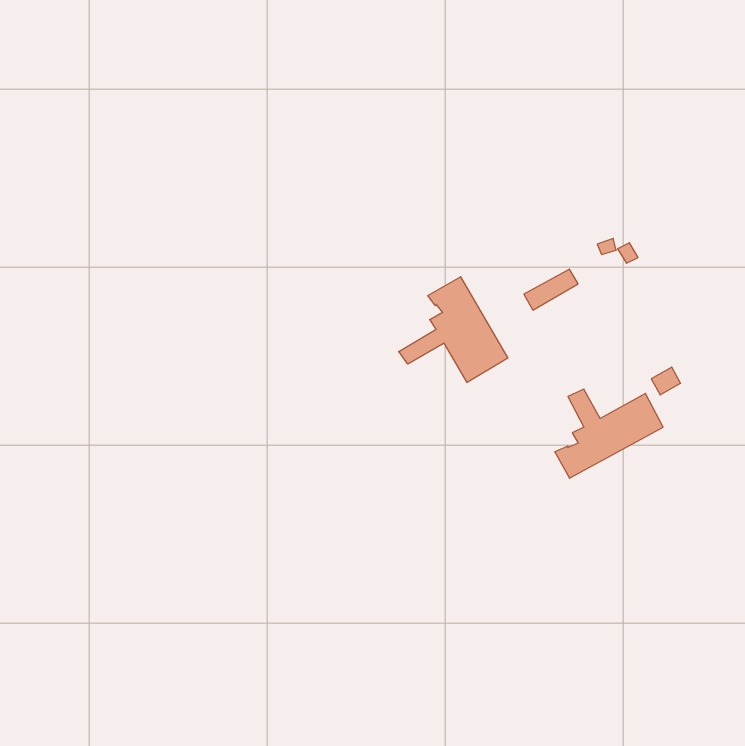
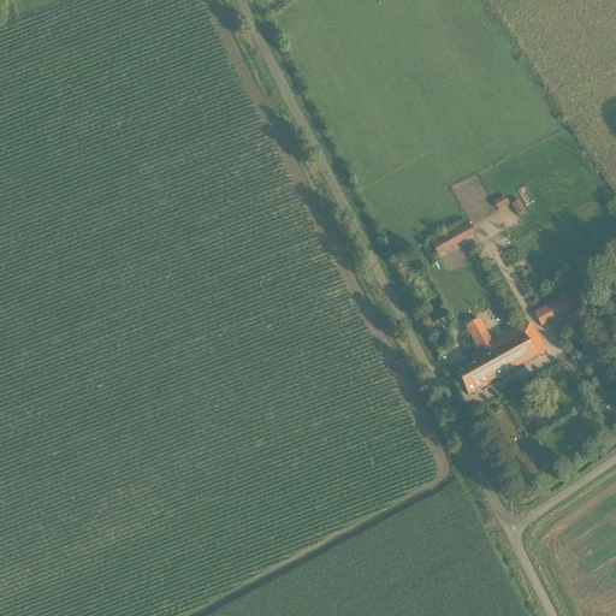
building: [399,277,508,383] -> none

